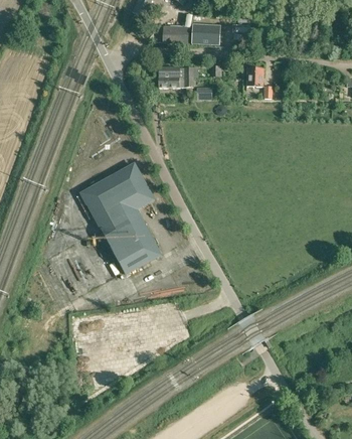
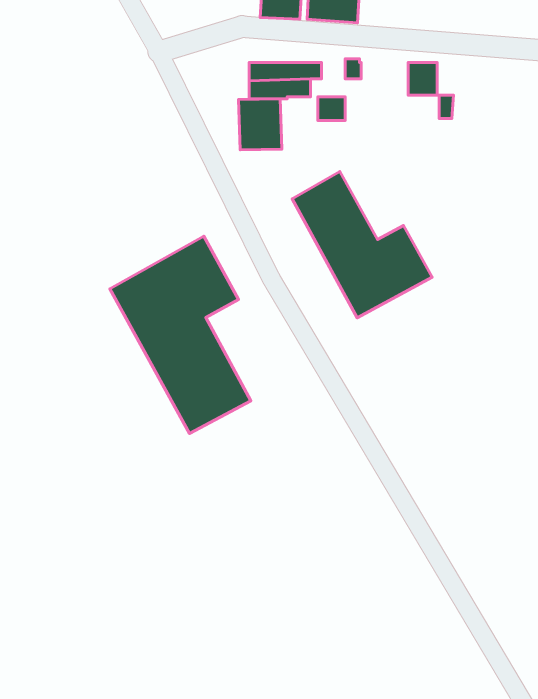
building: none -> [239,99,282,150]
building: none -> [292,172,432,318]

